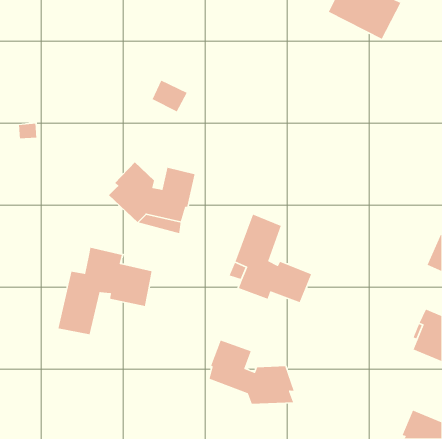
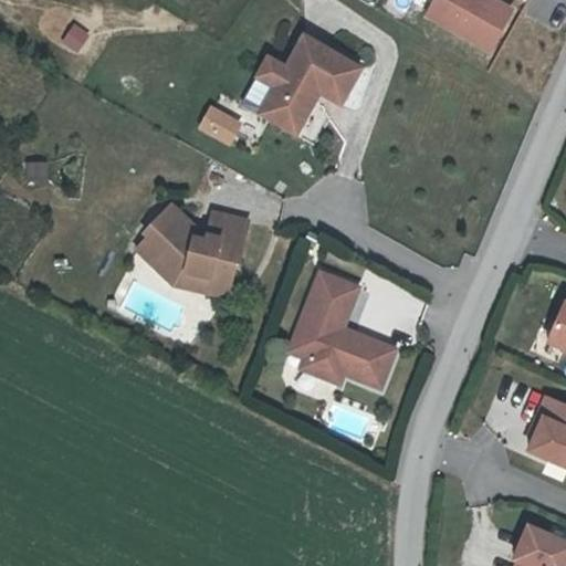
building: none -> [259,36,361,134]
building: [57,247,153,335] -> none
building: [209,339,295,404] -> none

